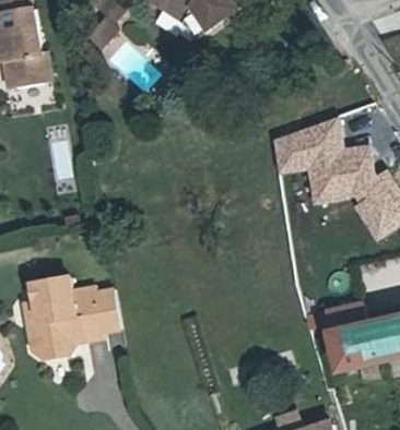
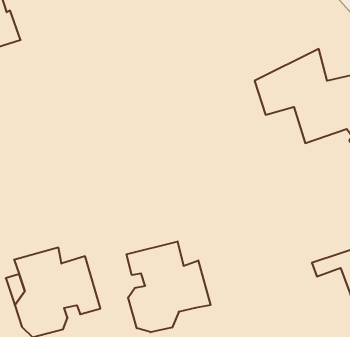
building: none -> [126,241,211,332]

